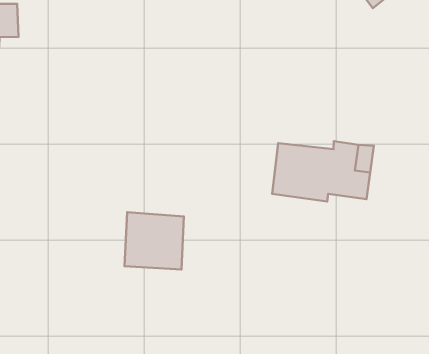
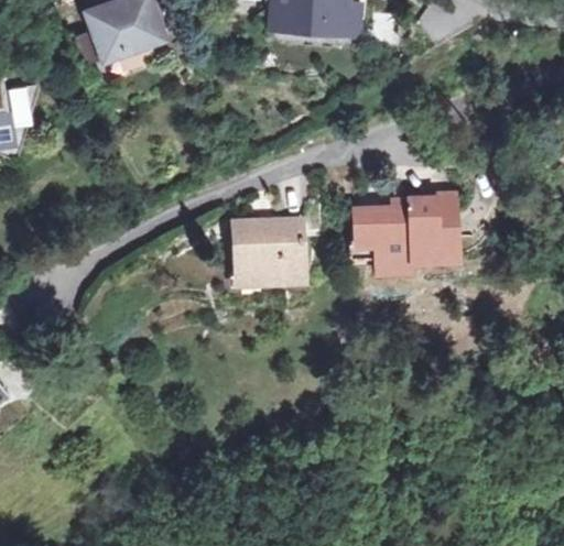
building: [125,212,184,269] -> [232,215,303,281]

